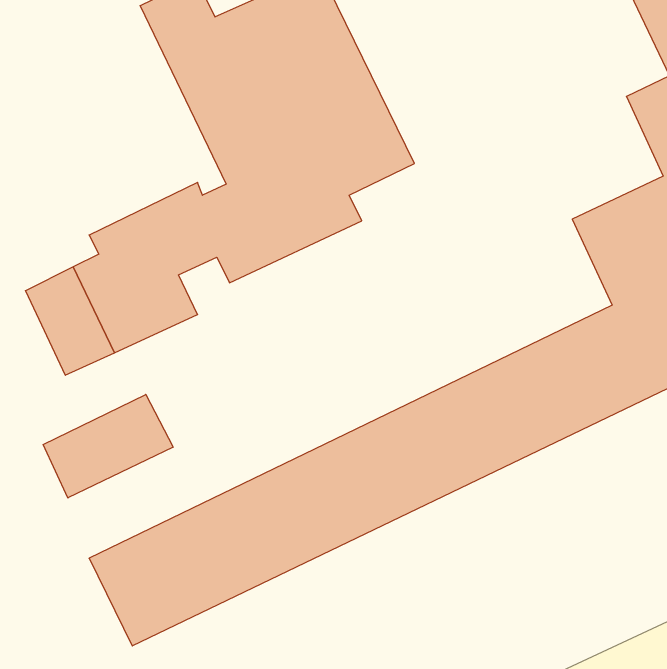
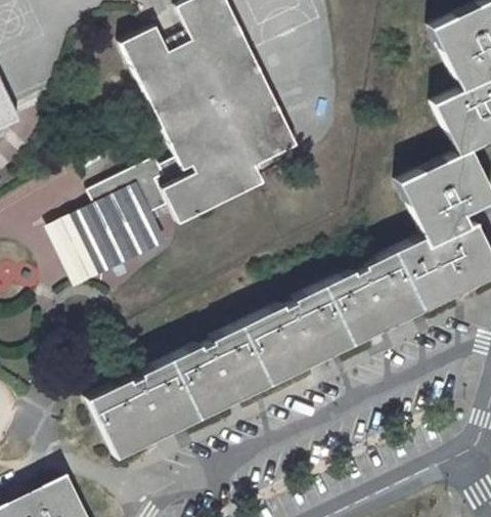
building: [43,394,173,498] -> none

